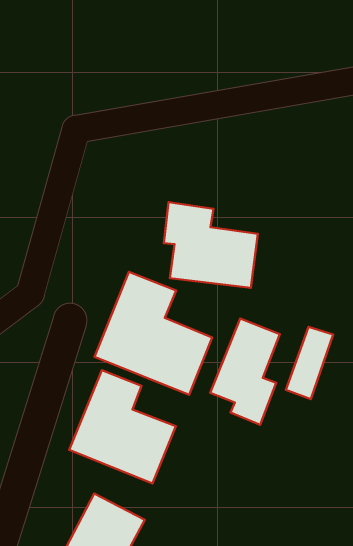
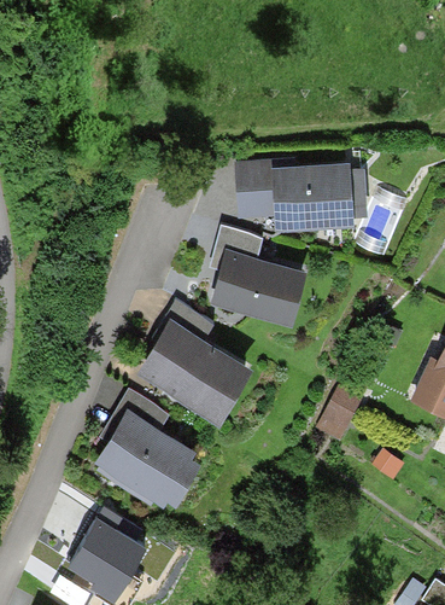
building: none -> [228,158,349,233]
building: [210,318,280,425] -> none

